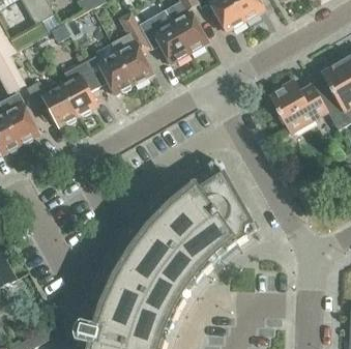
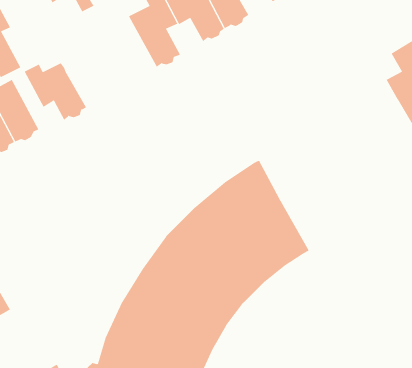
building: [98,54,134,93] -> none
building: [60,62,98,116] -> none
building: [269,79,327,134] -> none

